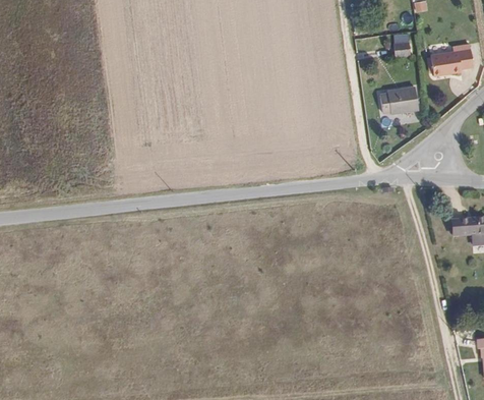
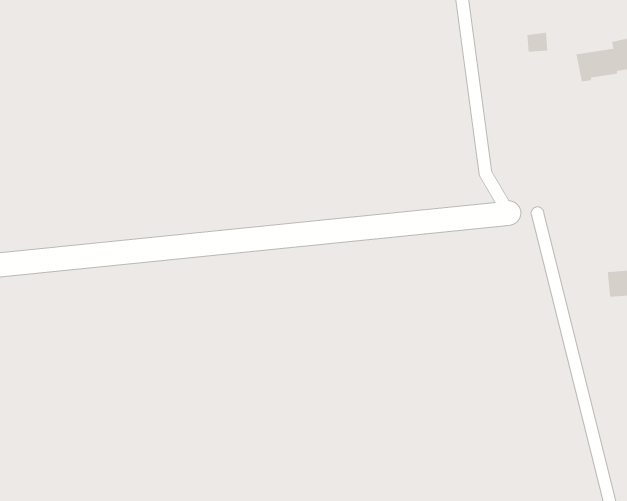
building: [381,87,418,112] -> none

